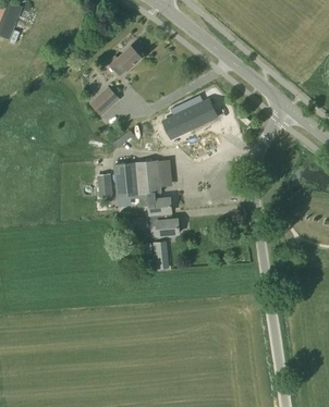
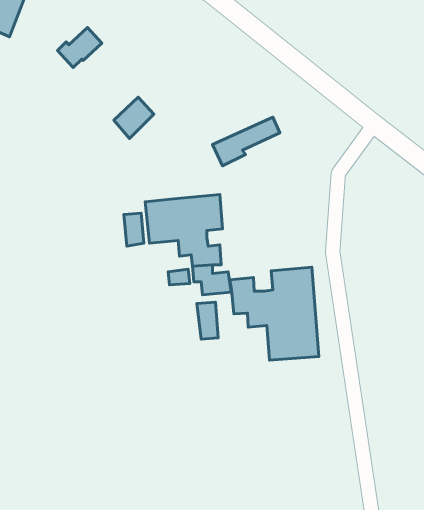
building: [108,45,142,75] -> [57,28,102,68]
building: none -> [230,267,319,360]

